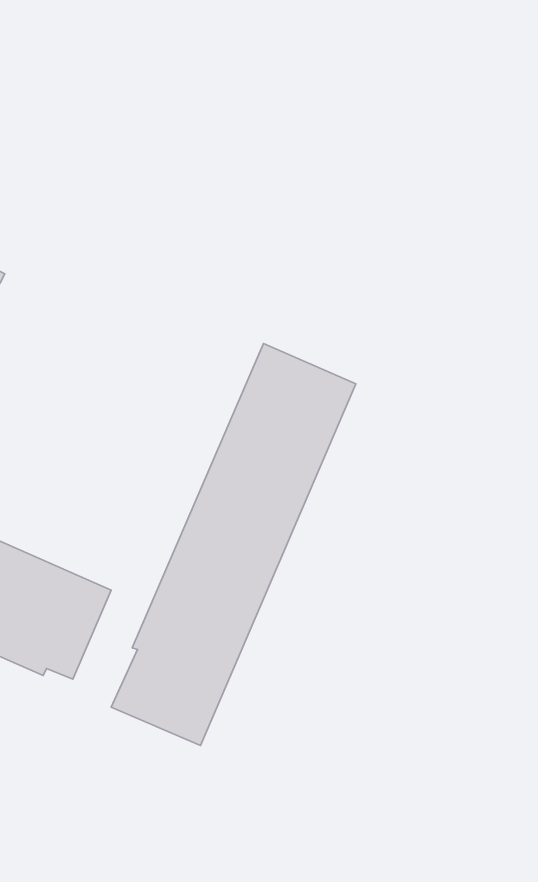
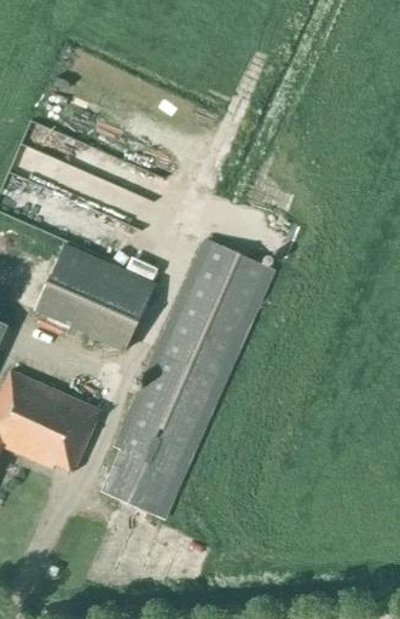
building: none -> [36,243,156,349]

